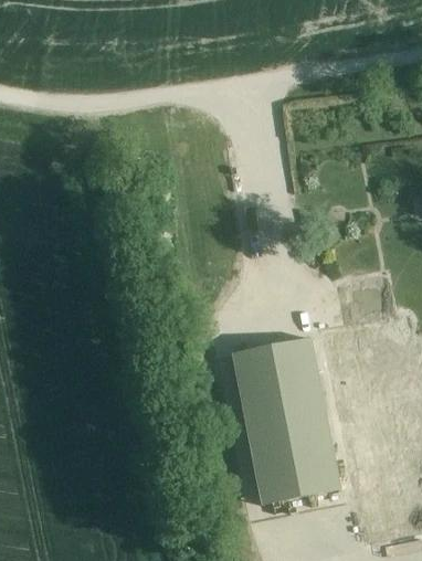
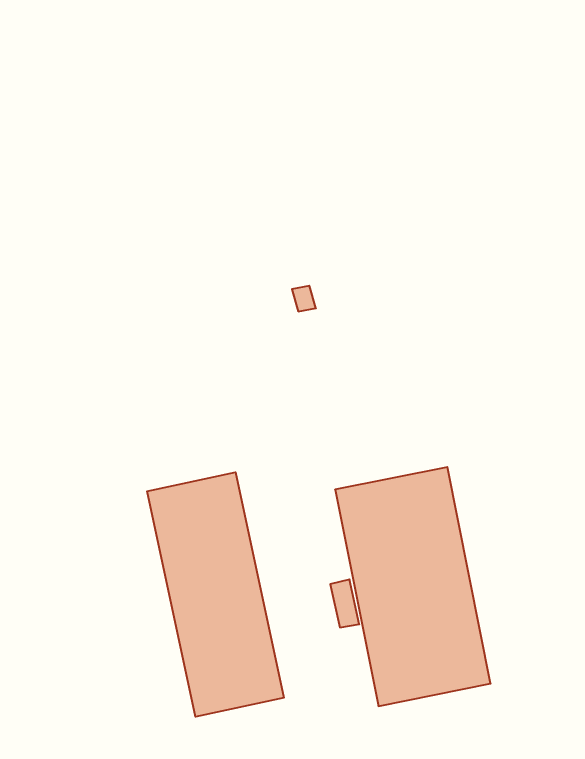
building: none -> [147,472,284,717]

